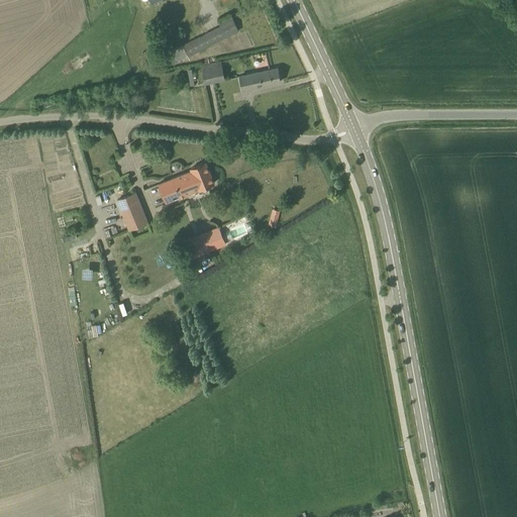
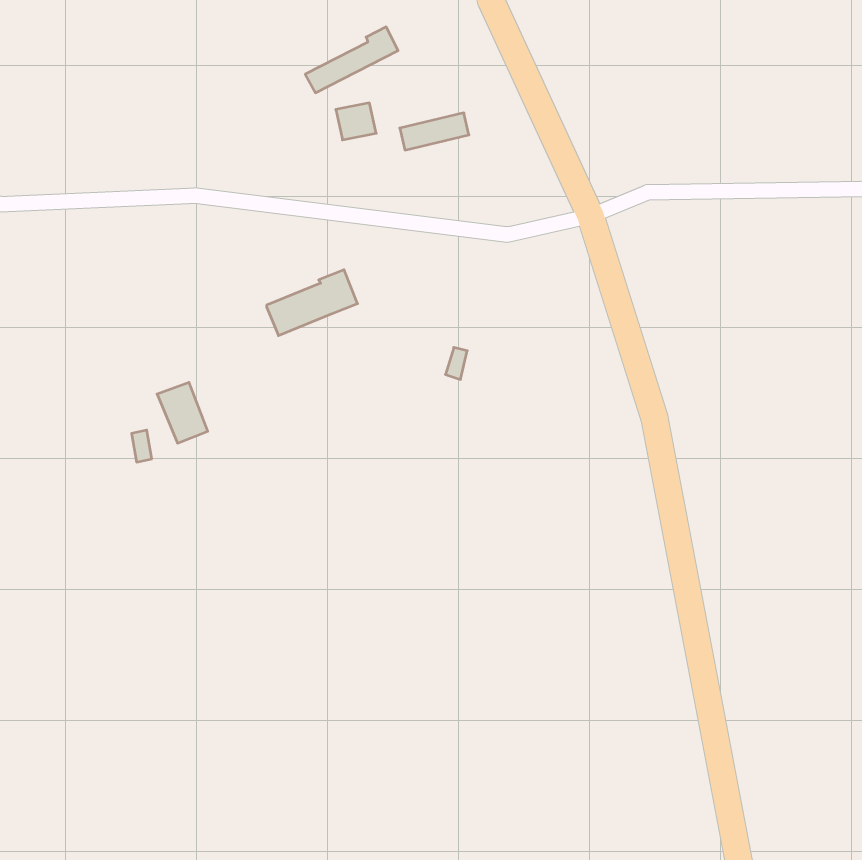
building: [117,193,147,229] -> [157,382,208,443]
building: [188,228,225,257] -> none

